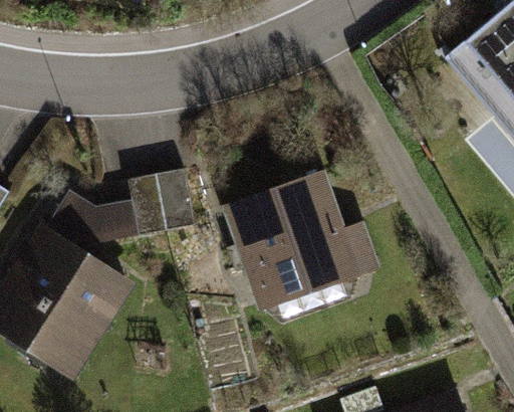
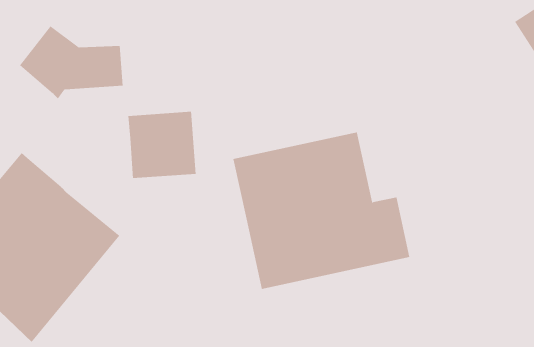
building: [47,190,139,252] -> [19,26,123,99]

